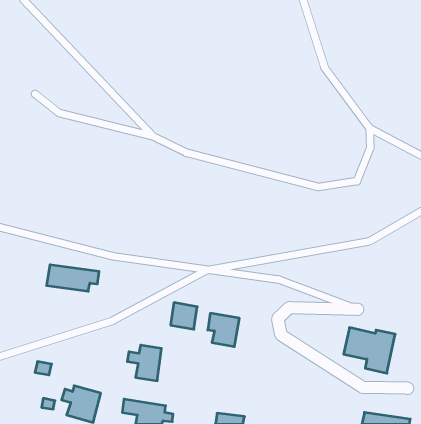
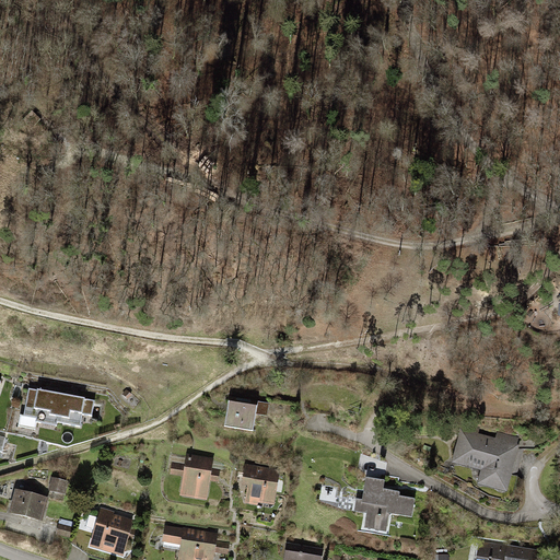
building: [47,265,99,291] -> [24,390,93,425]
building: [208,313,239,347] -> [241,464,282,508]
building: none -> [360,479,415,532]
building: none -> [9,489,48,521]

